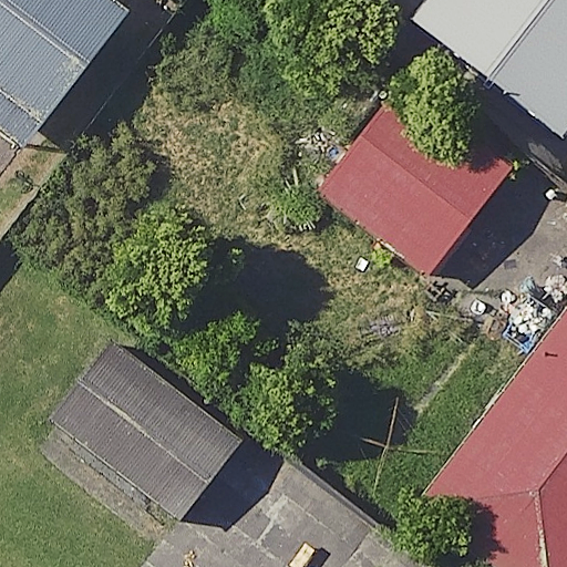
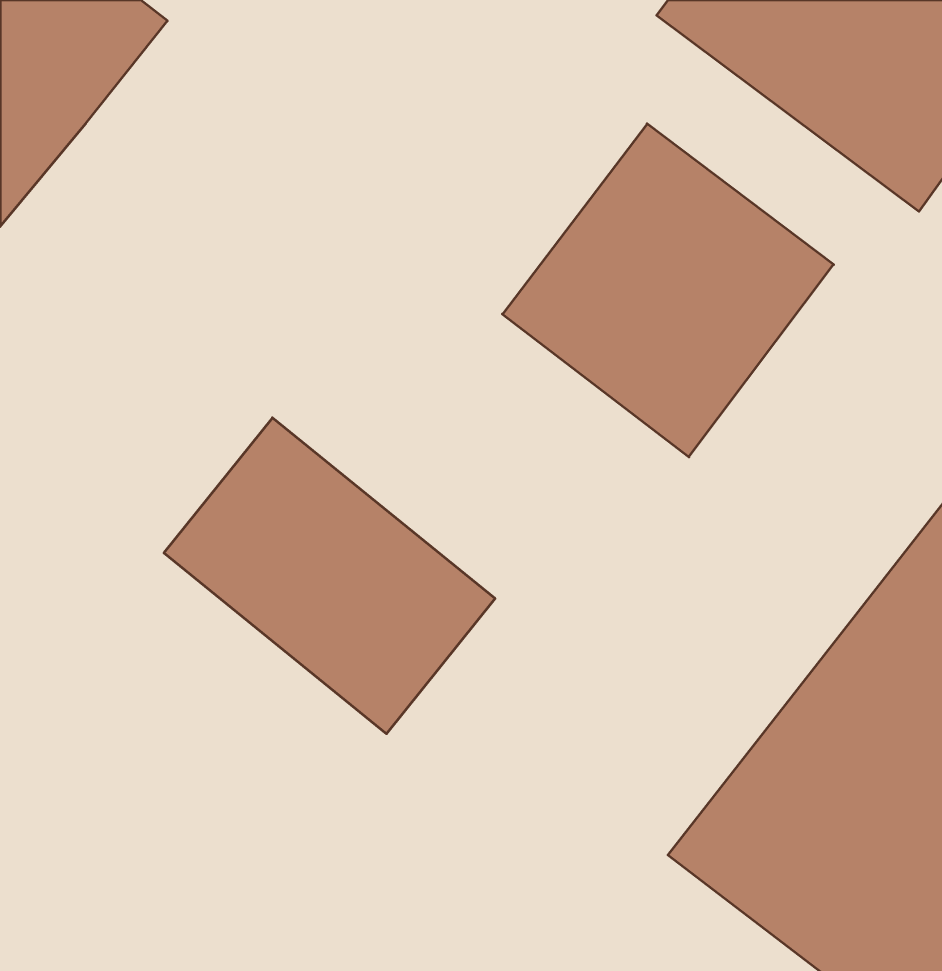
building: [38,331,230,515] -> [164,418,495,734]

